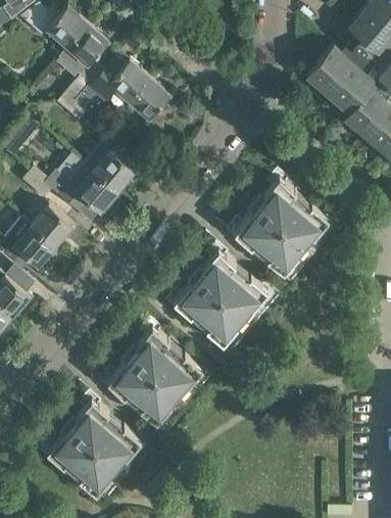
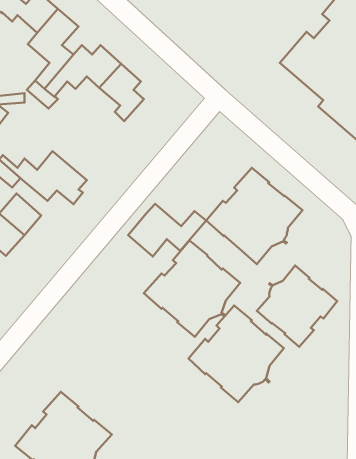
building: [83,143,134,192] -> none
building: none -> [128,204,206,256]
building: none -> [257,265,337,347]
building: [107,329,201,424] -> [189,306,284,402]

